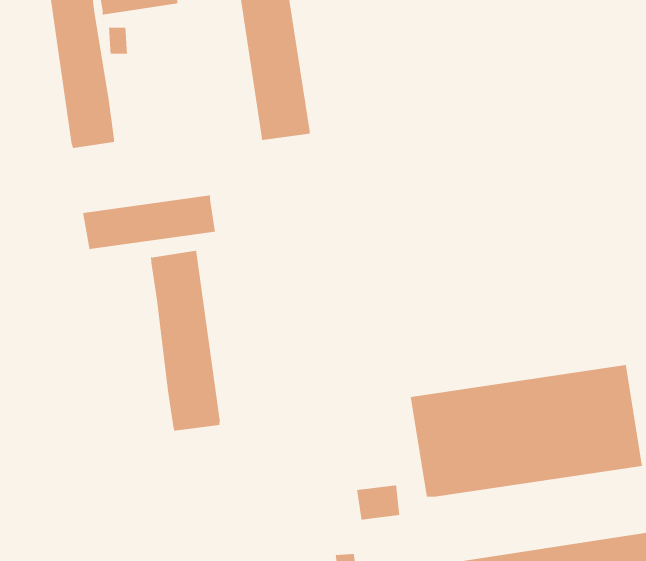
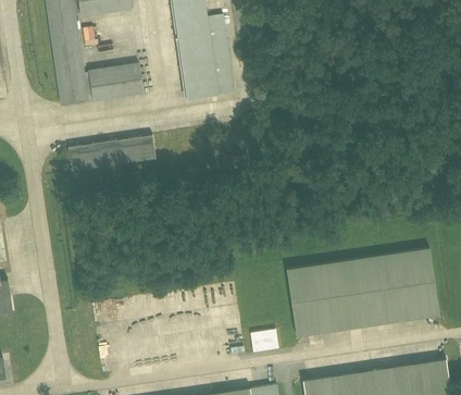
building: none -> [207,13,235,92]
building: none -> [88,62,144,100]
building: [150,250,220,432] -> none

